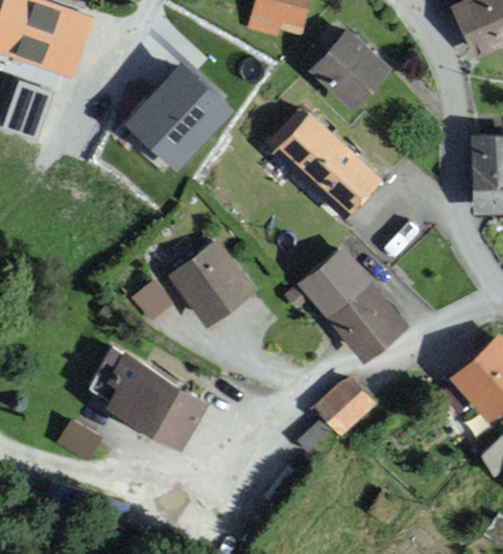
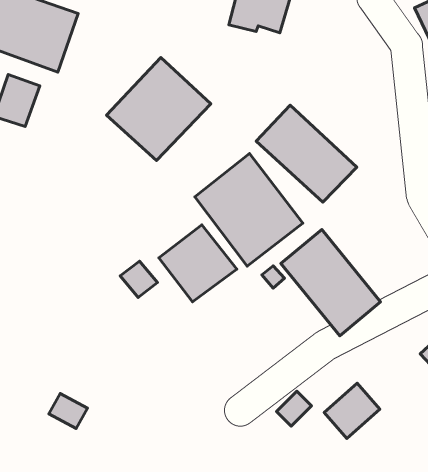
building: [312,29,391,107] -> none
building: none -> [195,153,303,266]
building: [91,346,211,441] -> none
building: [317,375,376,434] -> [324,383,380,438]

